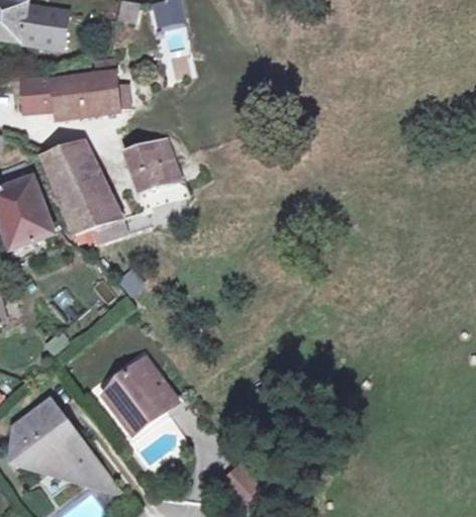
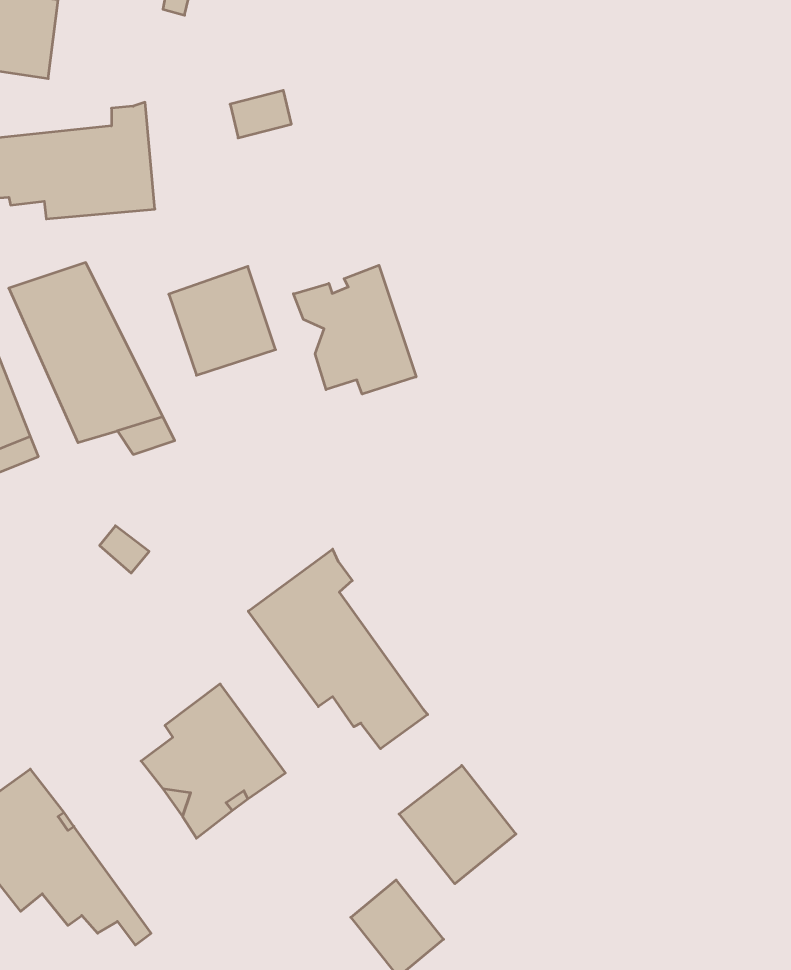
building: none -> [293,265,416,394]
building: none -> [248,549,428,749]
building: none -> [399,765,516,884]

